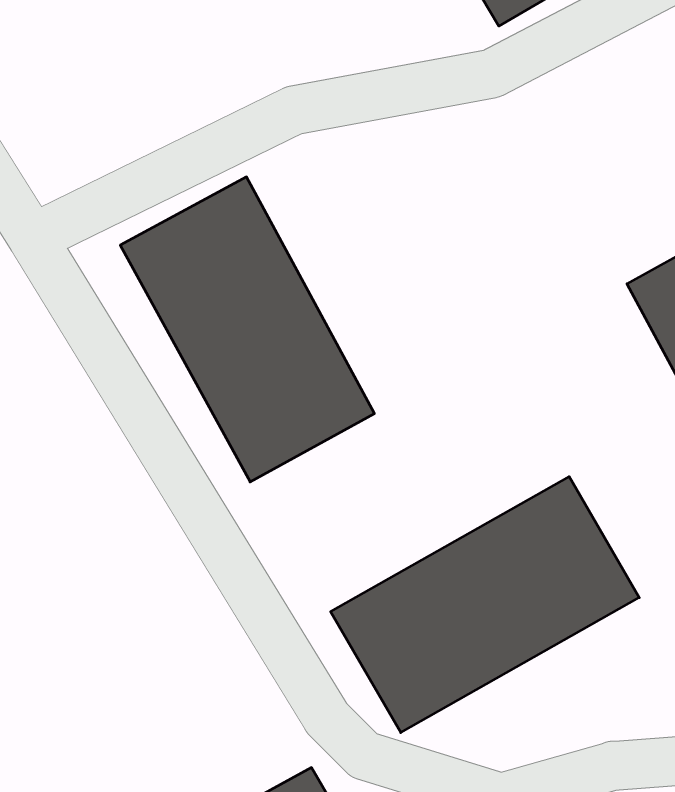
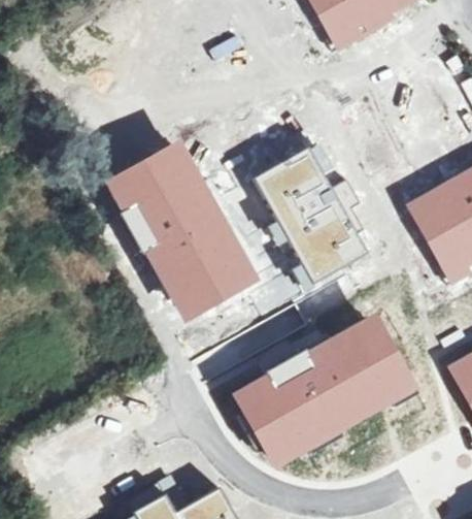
building: none -> [259,150,369,283]

